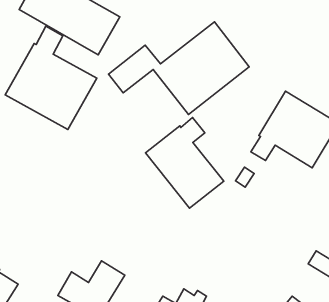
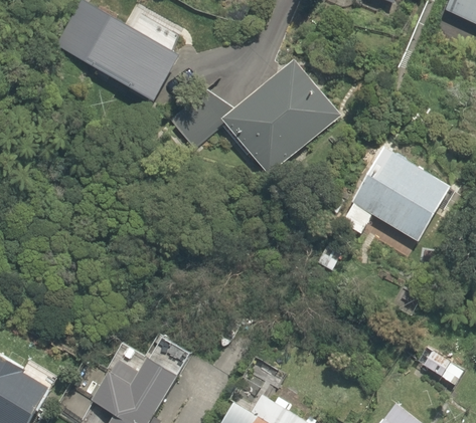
building: [5,26,97,130] -> none
building: [145,118,224,208] -> none

